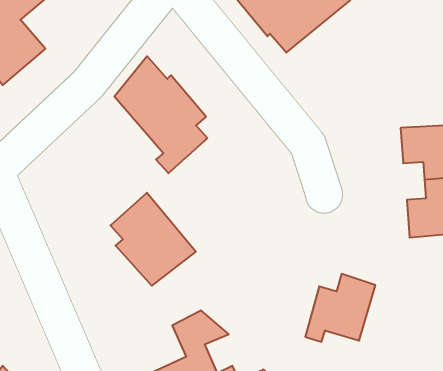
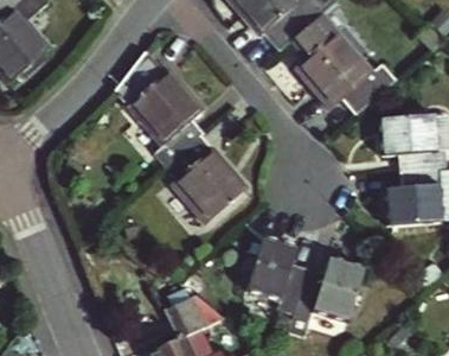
building: none -> [295,34,393,115]
building: [110,193,196,286] -> [165,134,245,222]
building: none -> [244,240,307,319]

